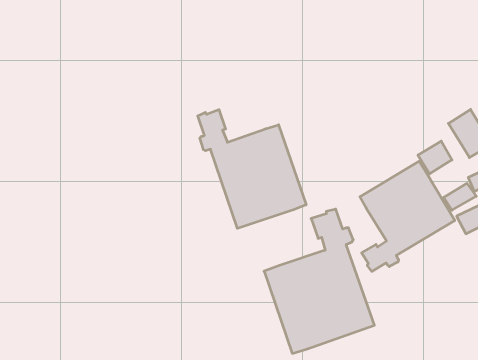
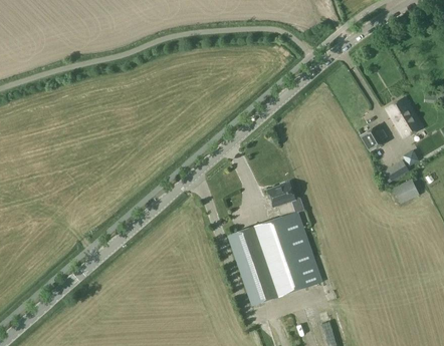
building: [198,110,306,228] -> none
building: [360,161,455,271] -> none

